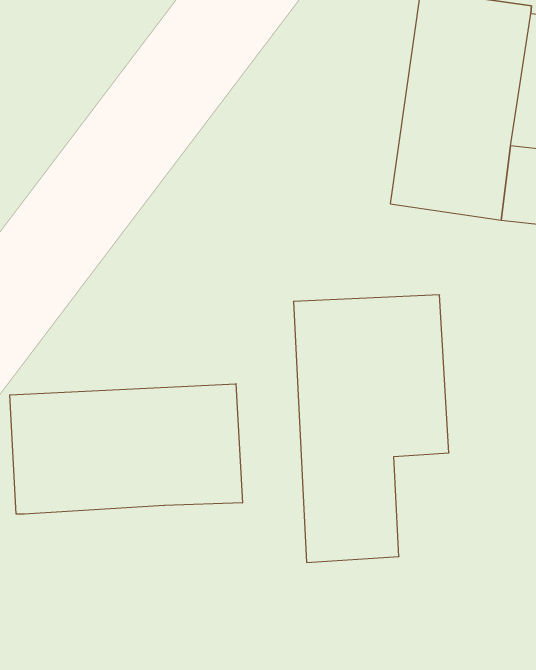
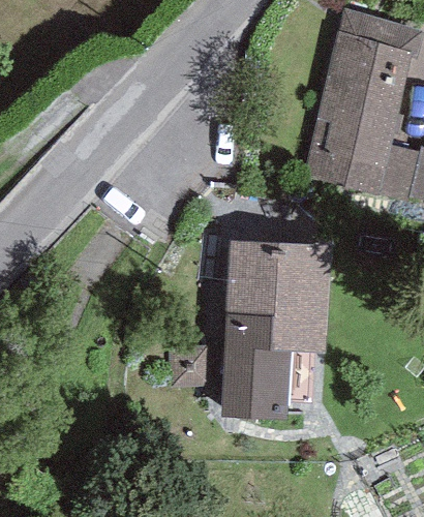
building: [10,384,242,514] -> none

